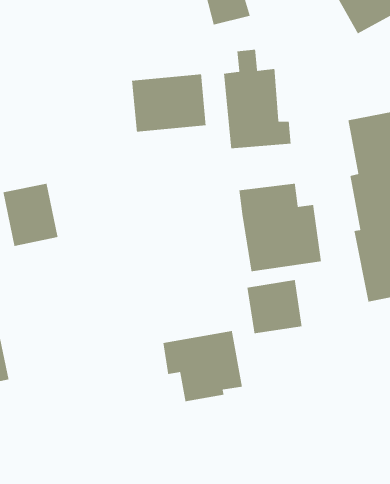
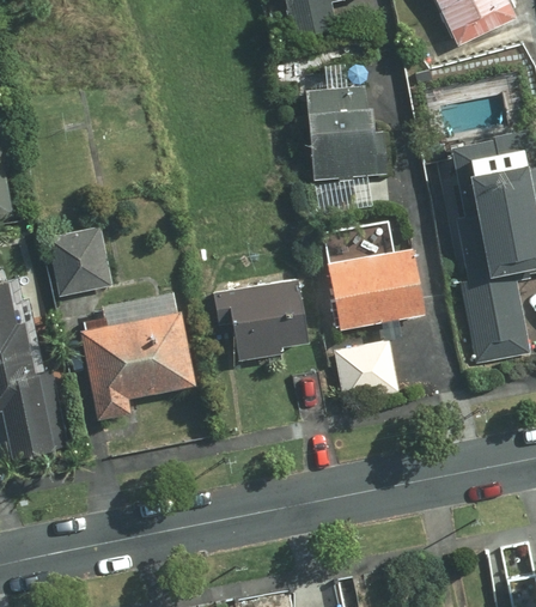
building: [131,74,207,132] -> none
building: none -> [80,312,199,421]
building: [162,330,243,402] -> [213,277,307,362]

